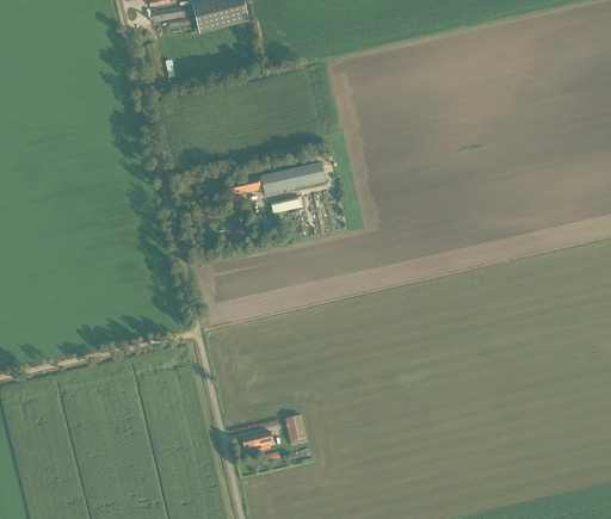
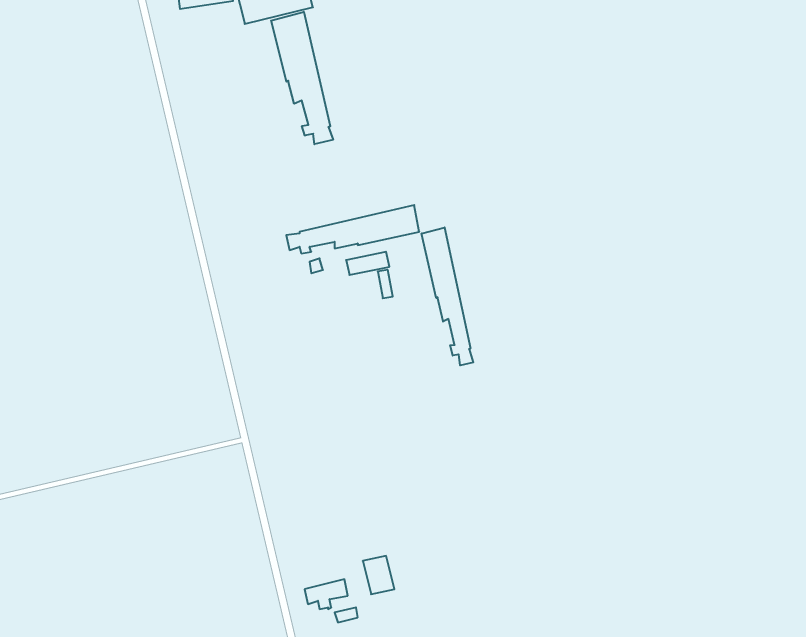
building: none -> [271,12,333,144]
building: none -> [422,227,473,365]

